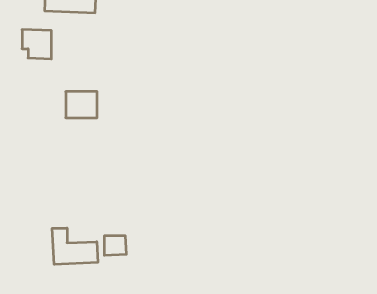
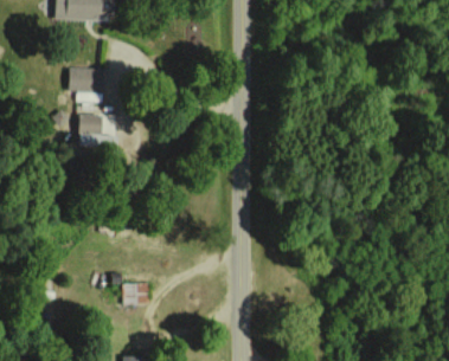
building: [22,30,51,59] -> [69,67,103,102]
building: [52,228,98,264] -> none

